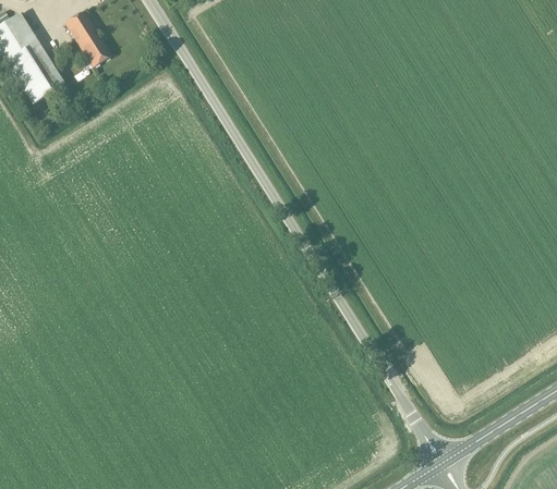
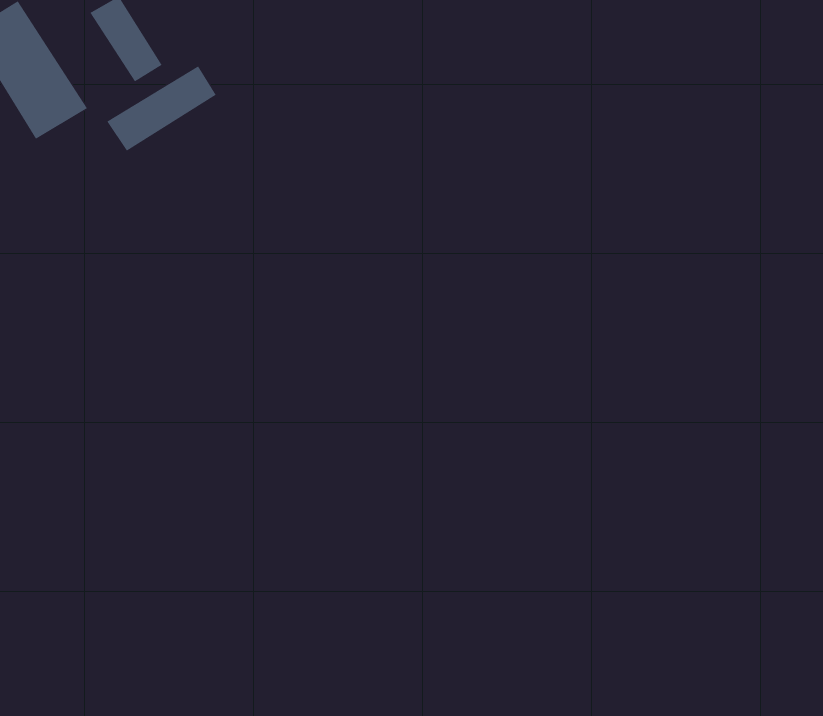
building: none -> [106,66,217,151]

